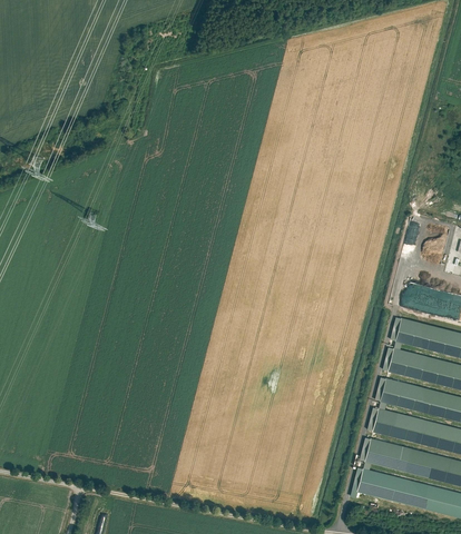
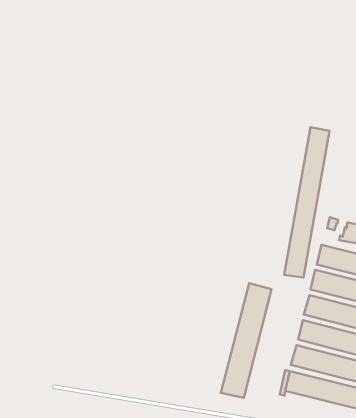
building: none -> [284,127,330,277]
building: none -> [221,283,271,398]

